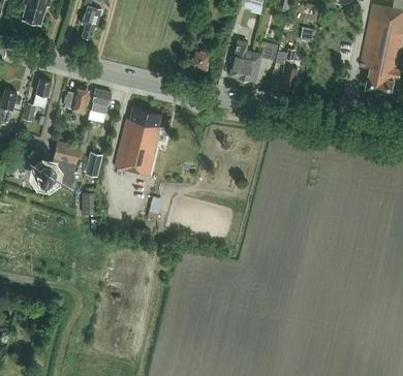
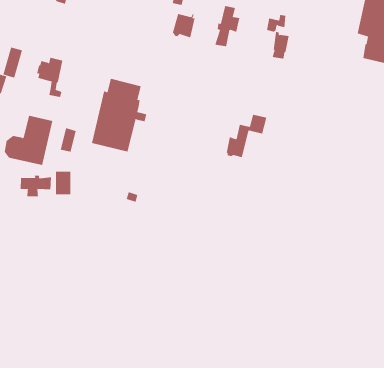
building: [239,42,277,83] -> [226,114,267,158]
building: [88,89,111,124] -> none
building: none -> [20,175,51,197]

